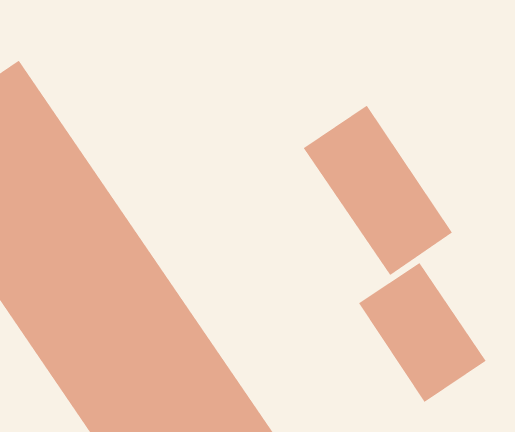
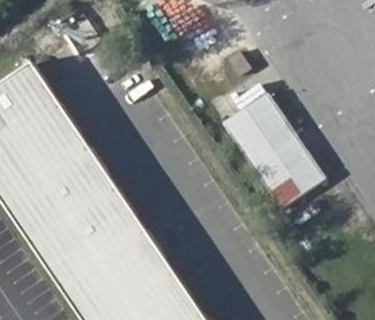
building: [358,262,486,403] -> none

